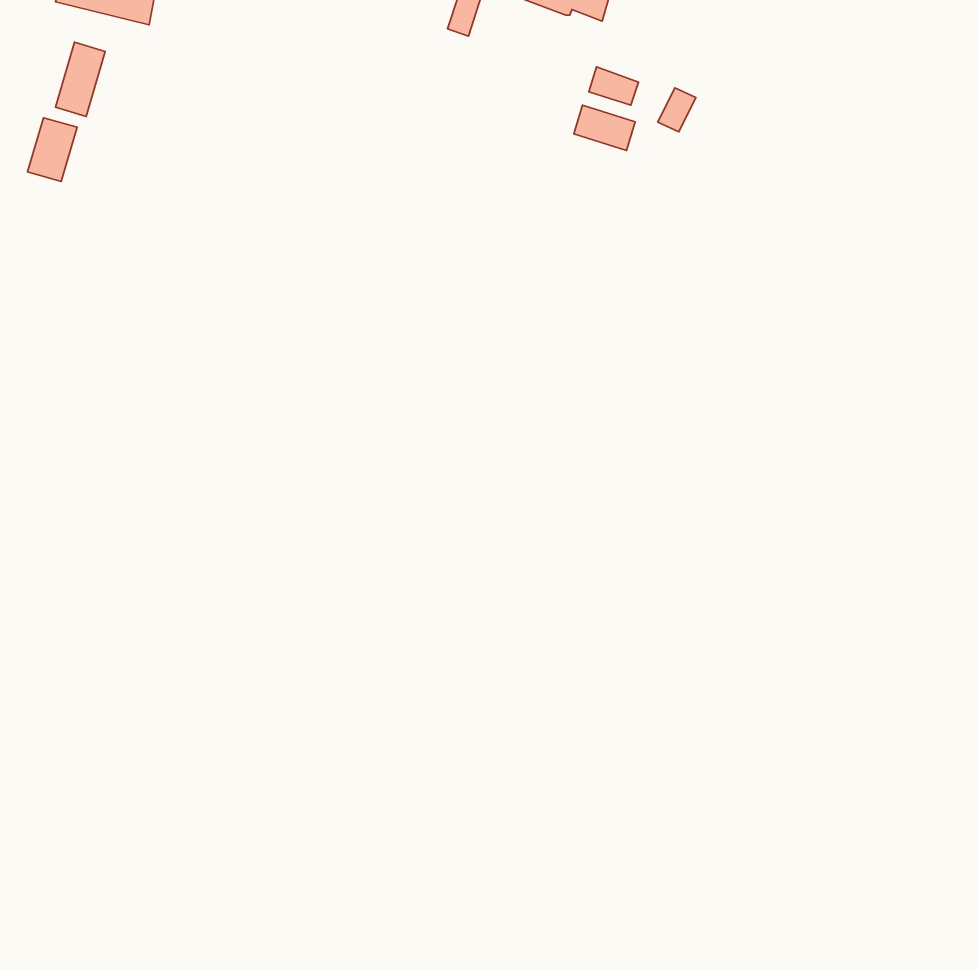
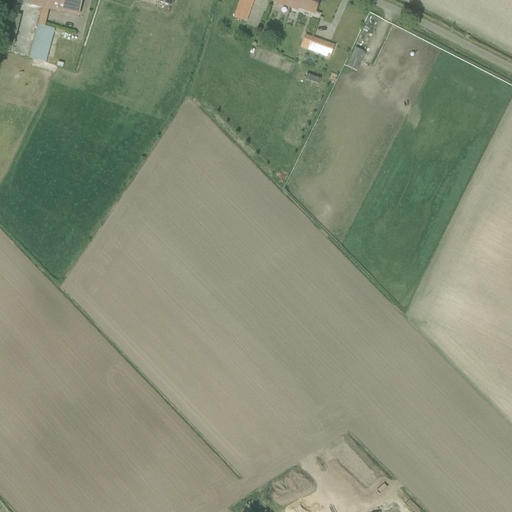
building: [574,105,635,151] -> none
building: [27,118,77,181] -> none

